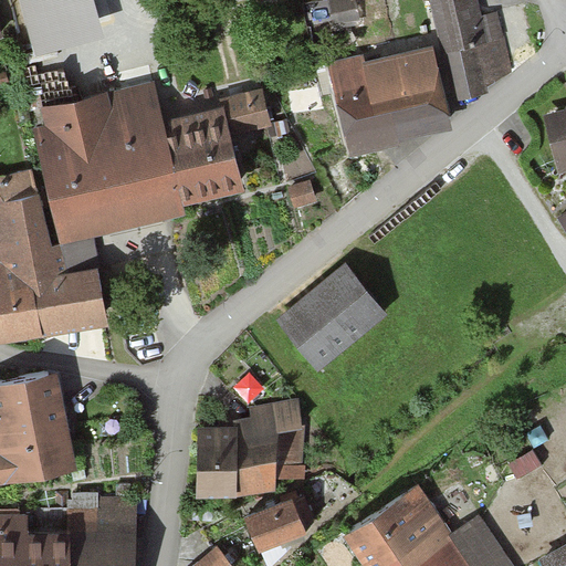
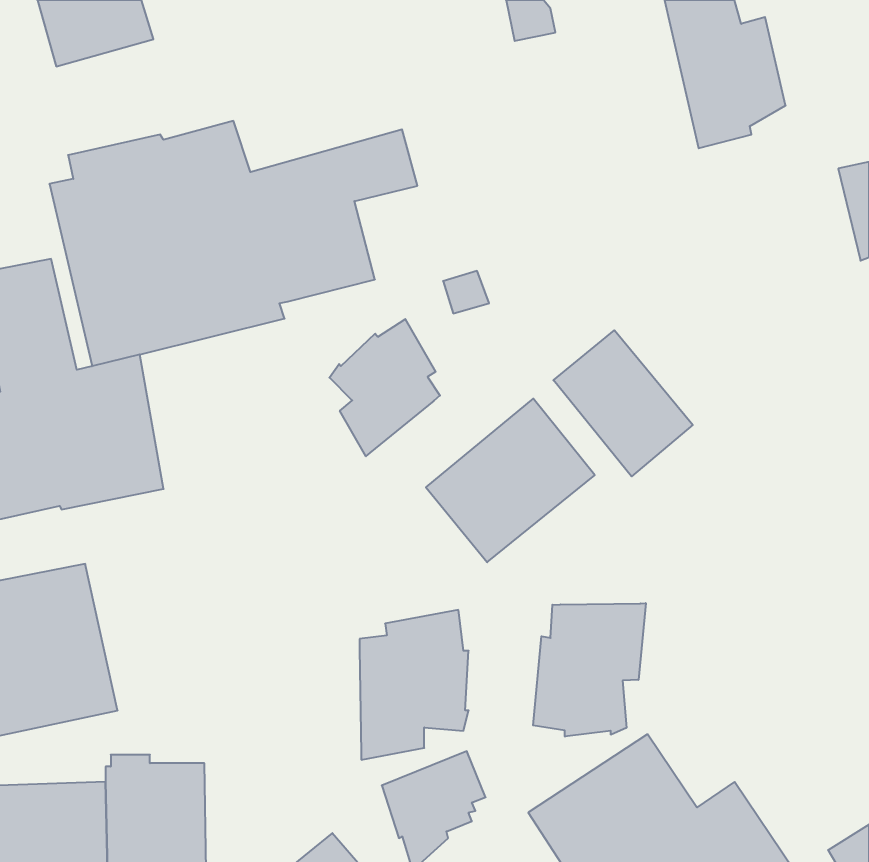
building: [326,44,455,156] -> none
building: none -> [329,319,440,456]
building: none -> [553,330,693,476]
building: none -> [533,603,646,737]
building: [195,427,234,495] -> none

